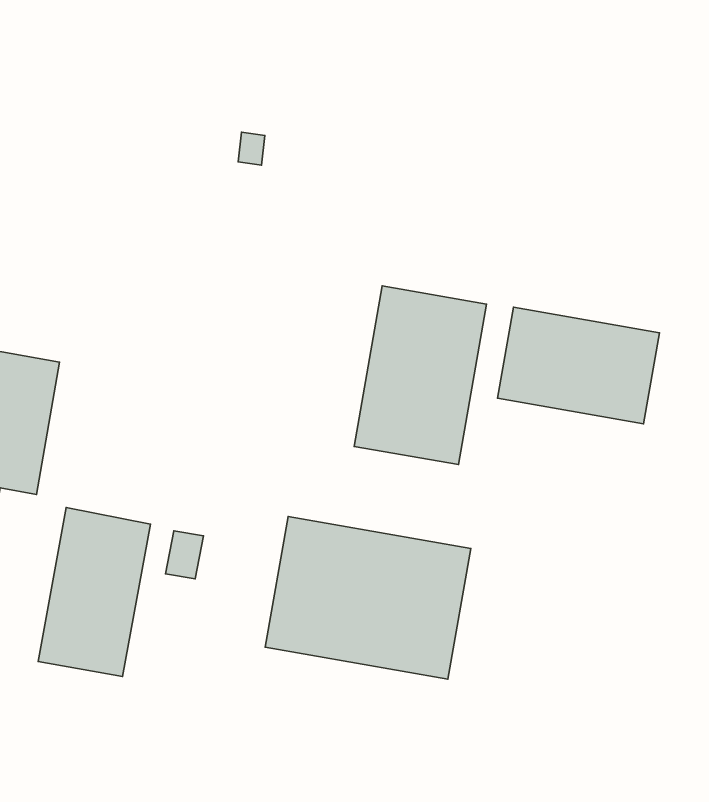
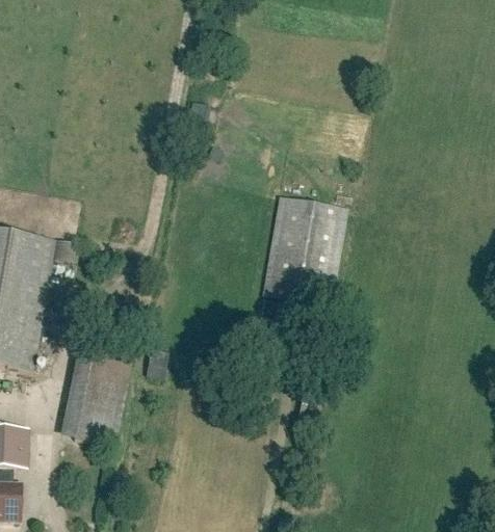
building: [497,307,660,424] -> none
building: [265,517,471,679] -> none

